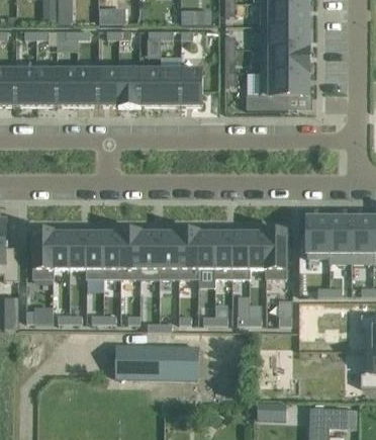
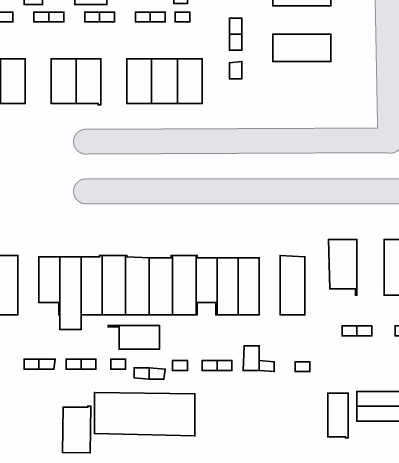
building: [261,25,308,49] -> none
building: [59,69,80,105] -> none
building: [120,69,142,106] -> none
building: [247,71,308,109] -> none
building: [330,216,352,262] -> none
building: [53,230,70,278] -> none
building: [250,230,267,278] -> none
building: none -> [108,325,160,349]
building: none -> [328,393,348,438]
building: none -> [63,406,91,453]

